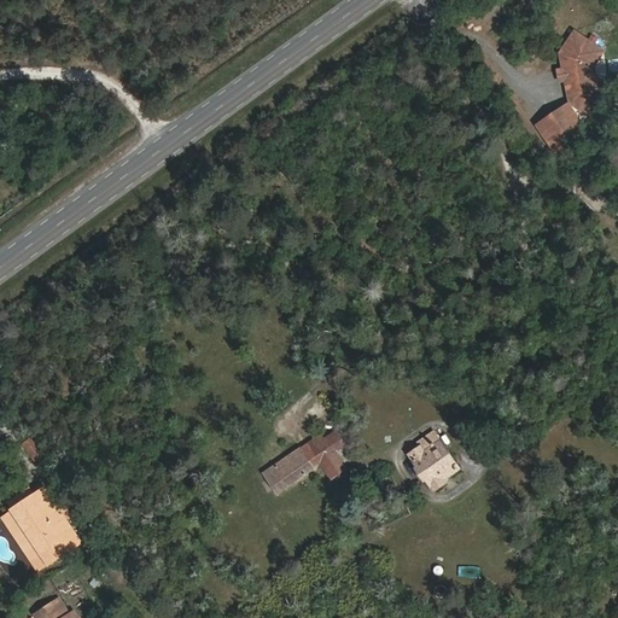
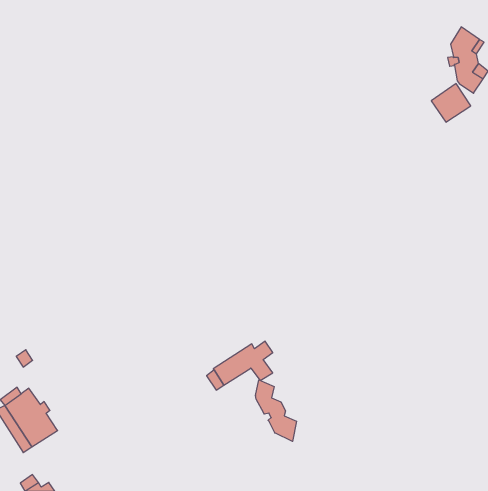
building: [406,433,456,491] -> none
building: none -> [256,380,297,441]

